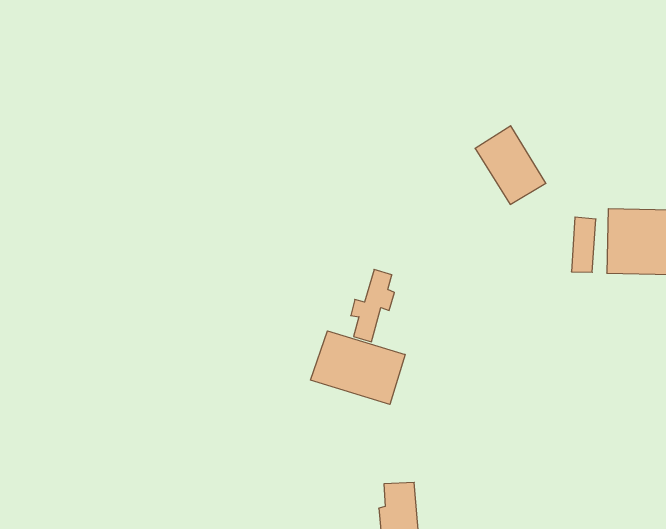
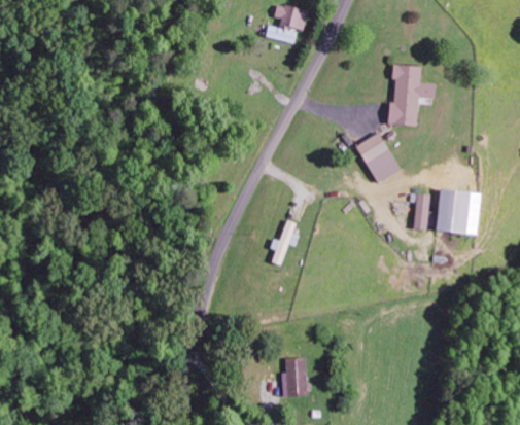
building: none -> [387,66,434,126]
building: [310,331,405,404] -> none

